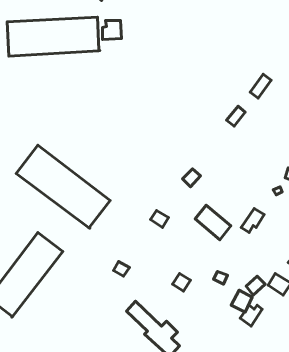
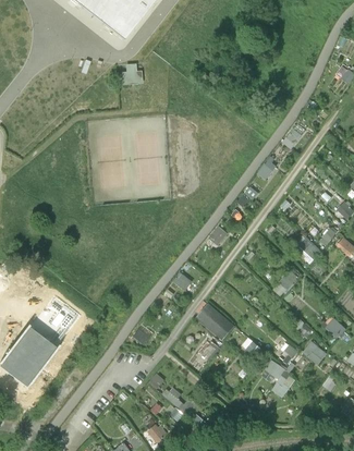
building: [7,17,100,56] -> none
building: [16,145,110,228] -> none
building: [195,205,231,240] -> [196,303,235,341]

